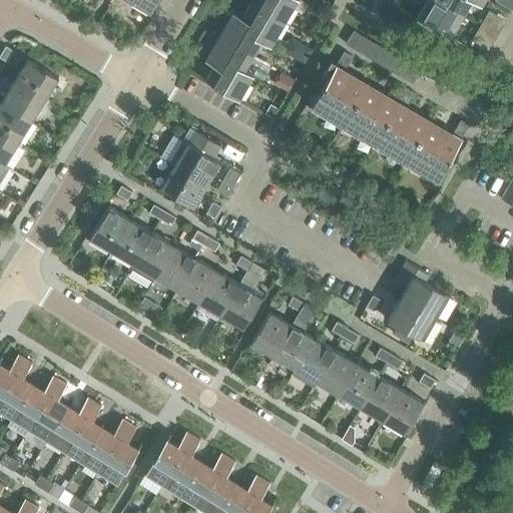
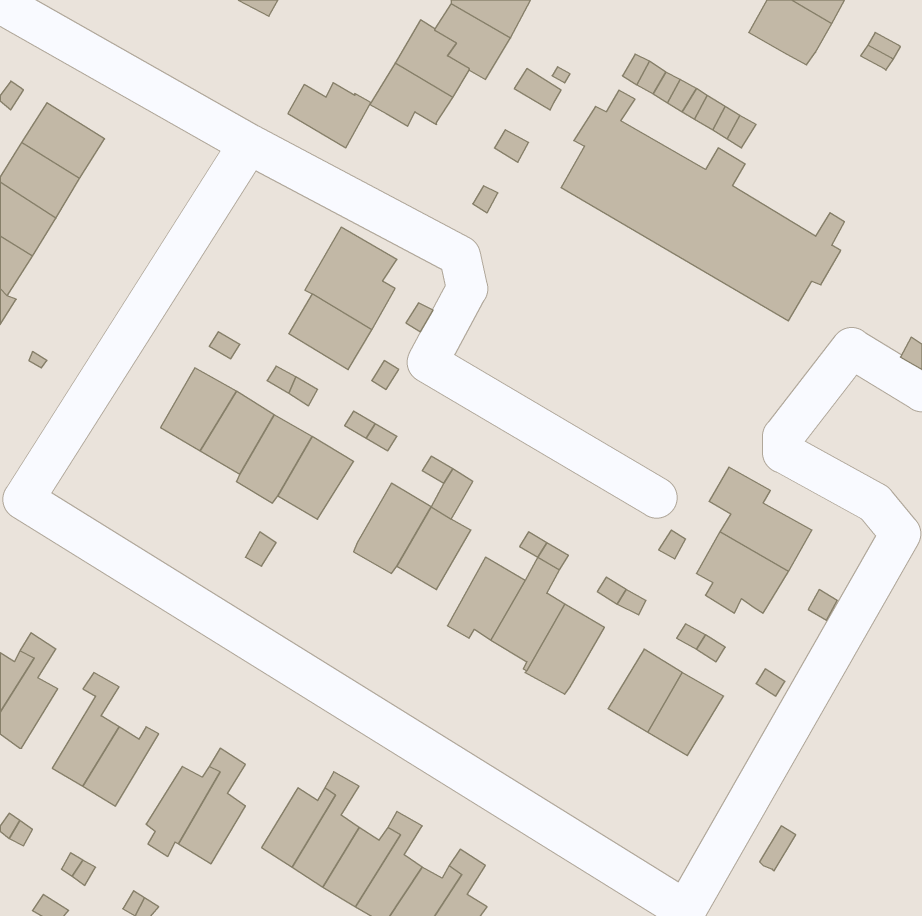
building: [205,65,251,101] -> [288,83,371,148]
building: [176,260,217,305] -> none
building: [317,352,358,397] -> none
building: [12,386,53,430] -> none
building: [382,390,424,438] -> none
building: [64,398,101,461] -> none

